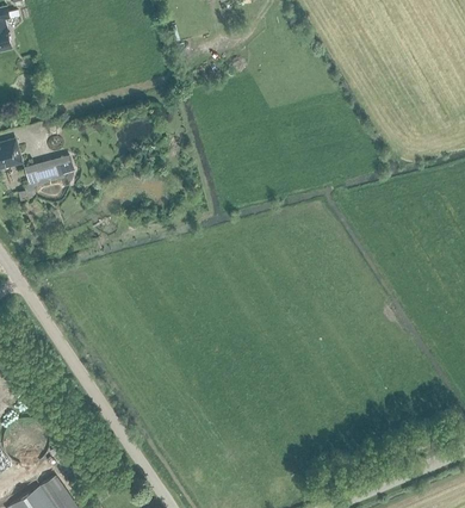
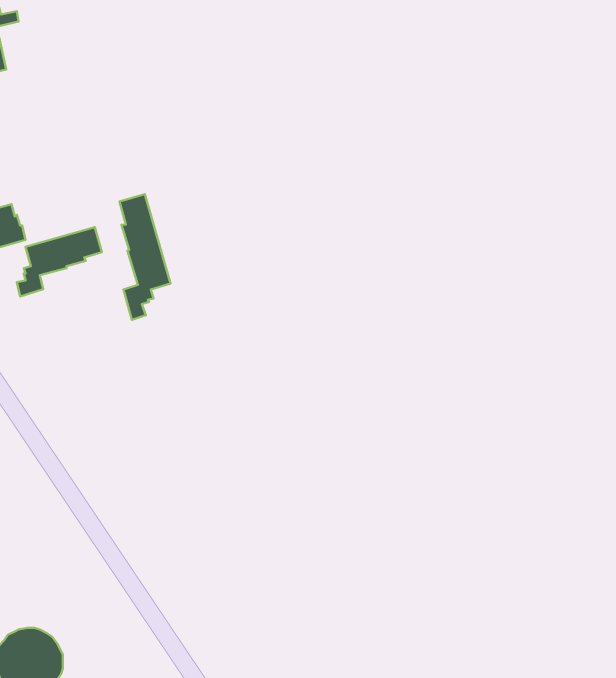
building: none -> [119,194,171,320]

